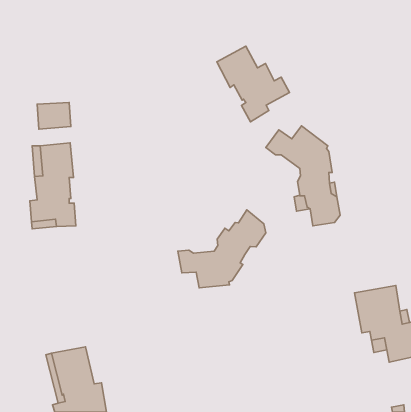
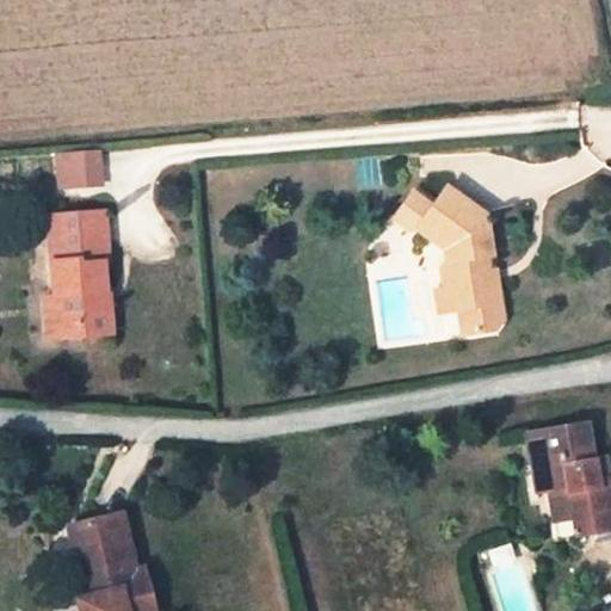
building: [217,46,290,122] -> none
building: [178,210,266,288] -> none

